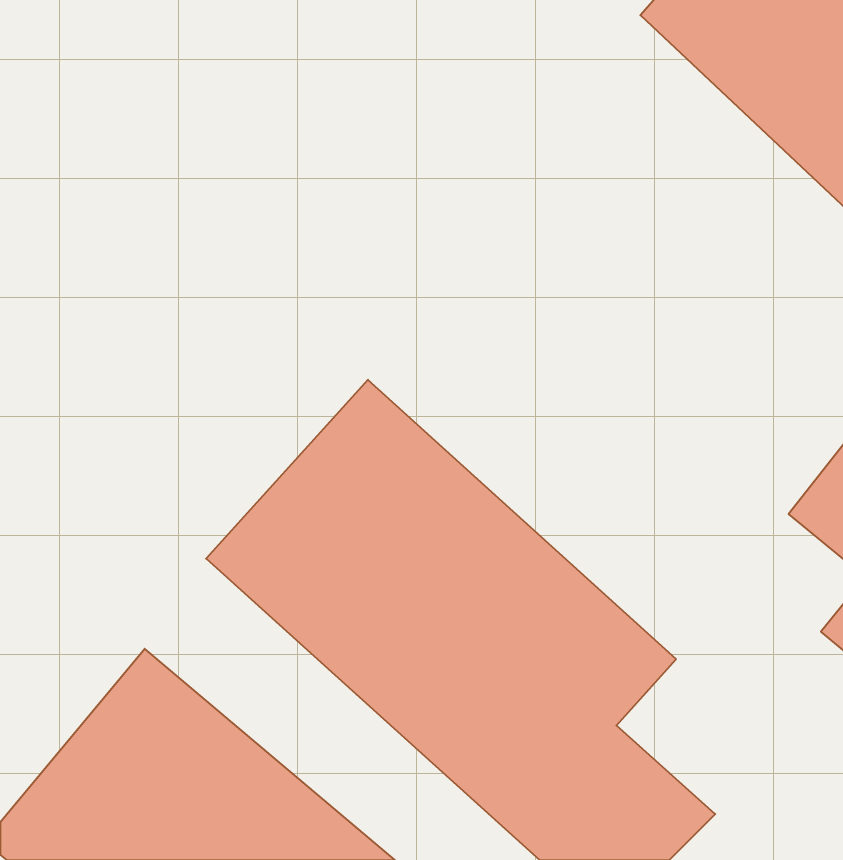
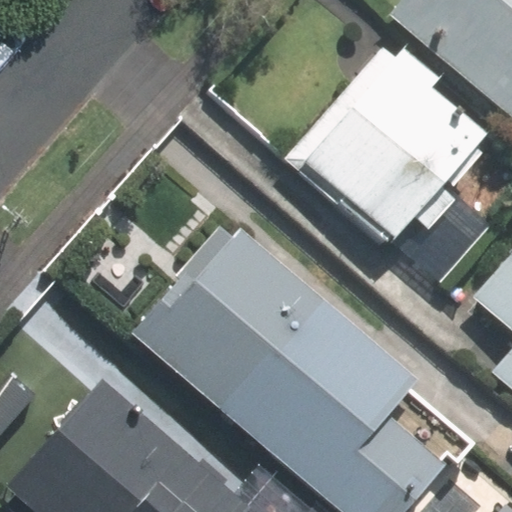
building: none -> [295,47,482,243]

